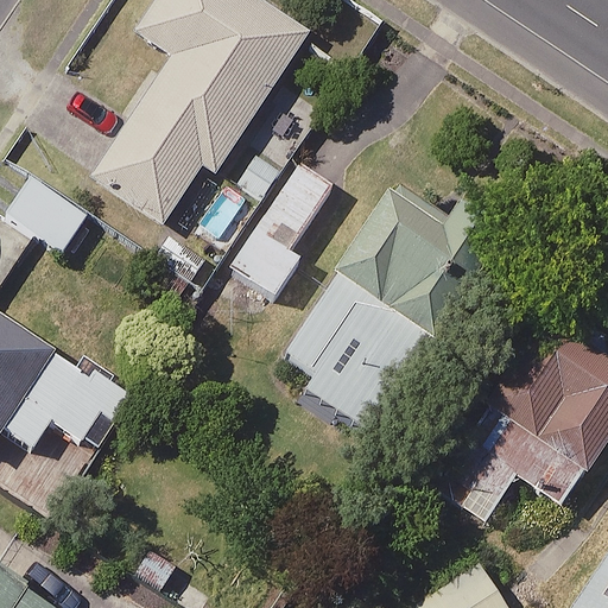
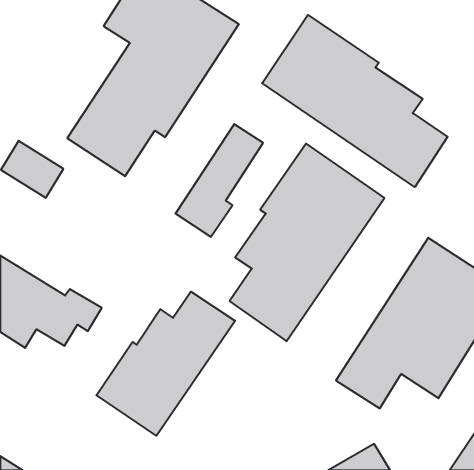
building: none -> [262,15,448,187]
building: none -> [96,292,235,436]

